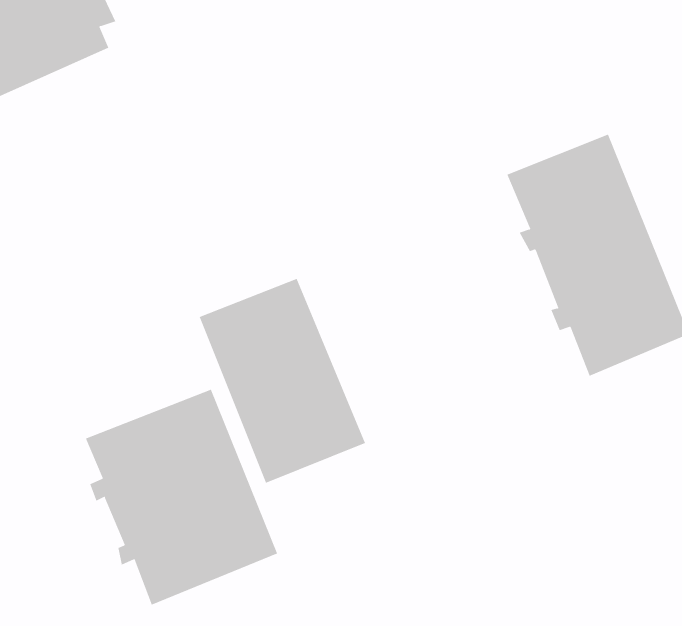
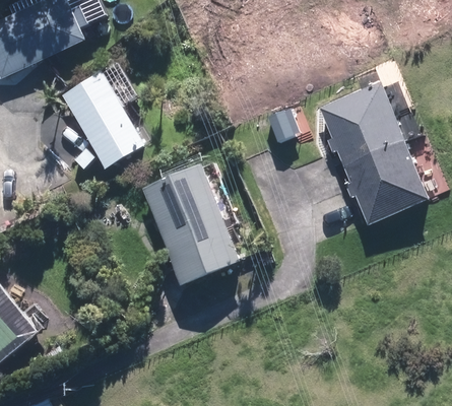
building: none -> [69,69,150,162]
building: [85,389,278,605] -> none

